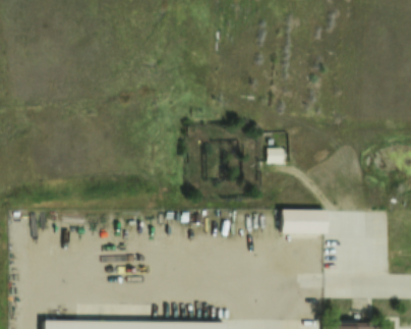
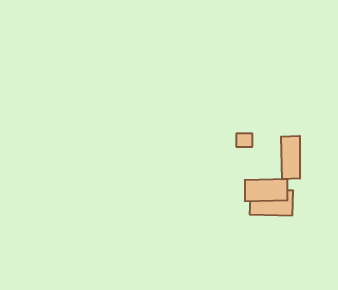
building: none -> [281,136,300,179]

